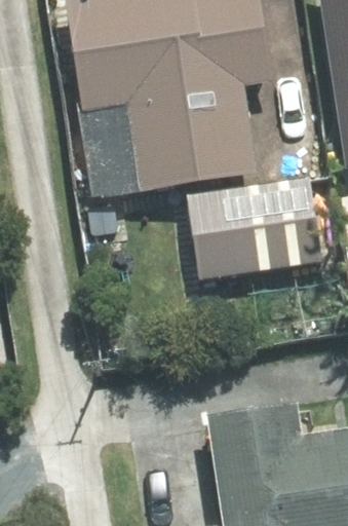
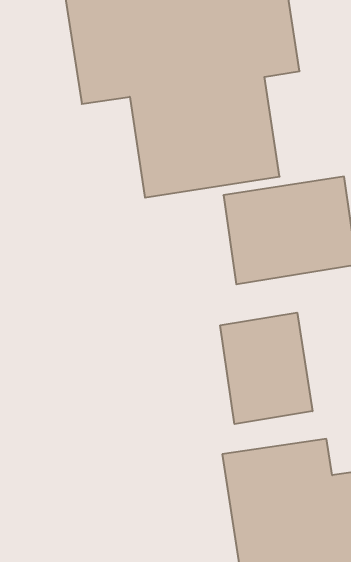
building: none -> [220,313,312,424]

